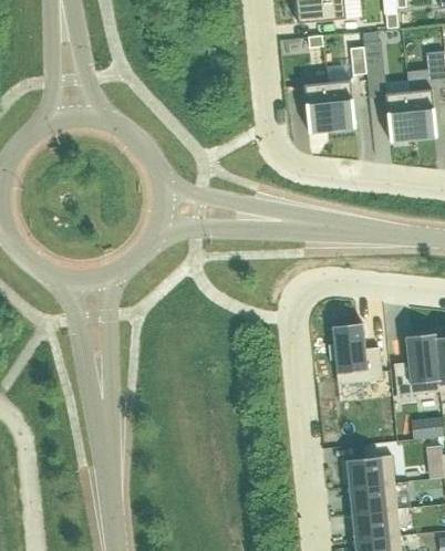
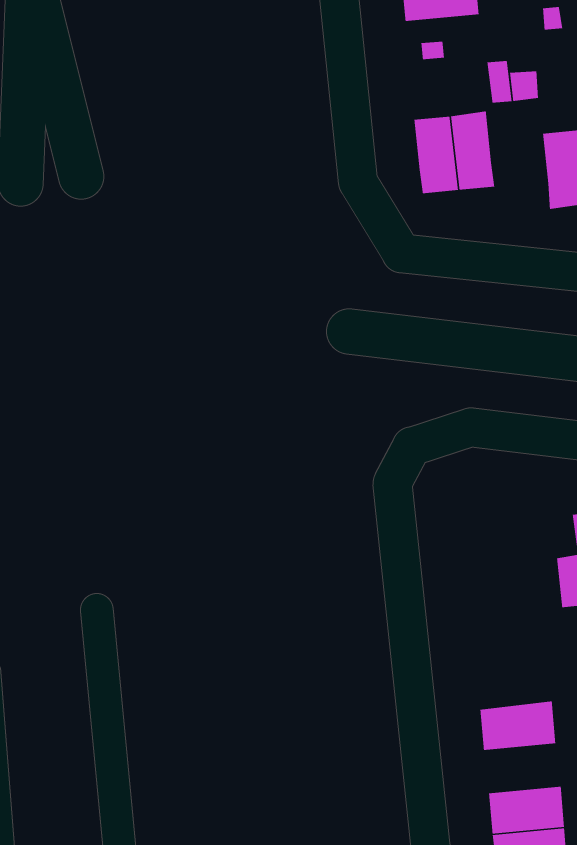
building: [328,322,382,383] -> none
building: [348,481,397,512] -> none

